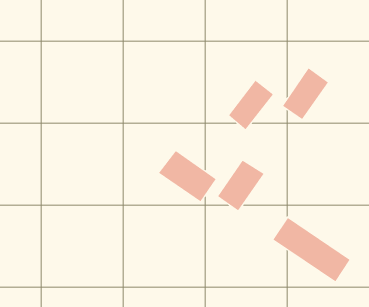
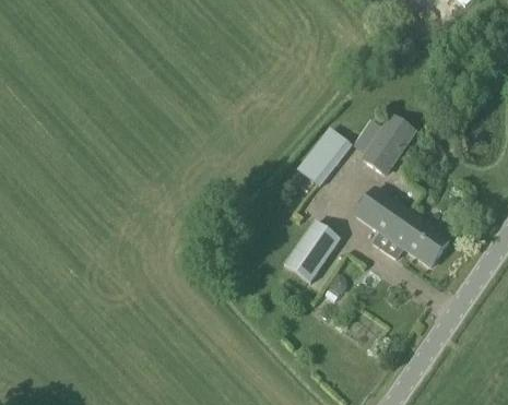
building: [158,150,217,202] -> none
building: [272,217,351,282] -> [356,188,448,264]

